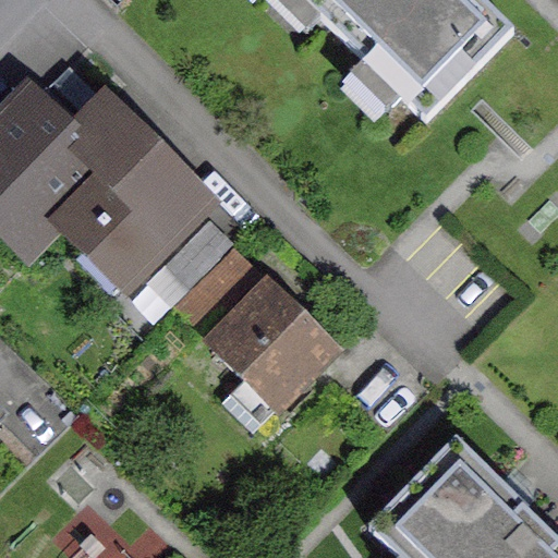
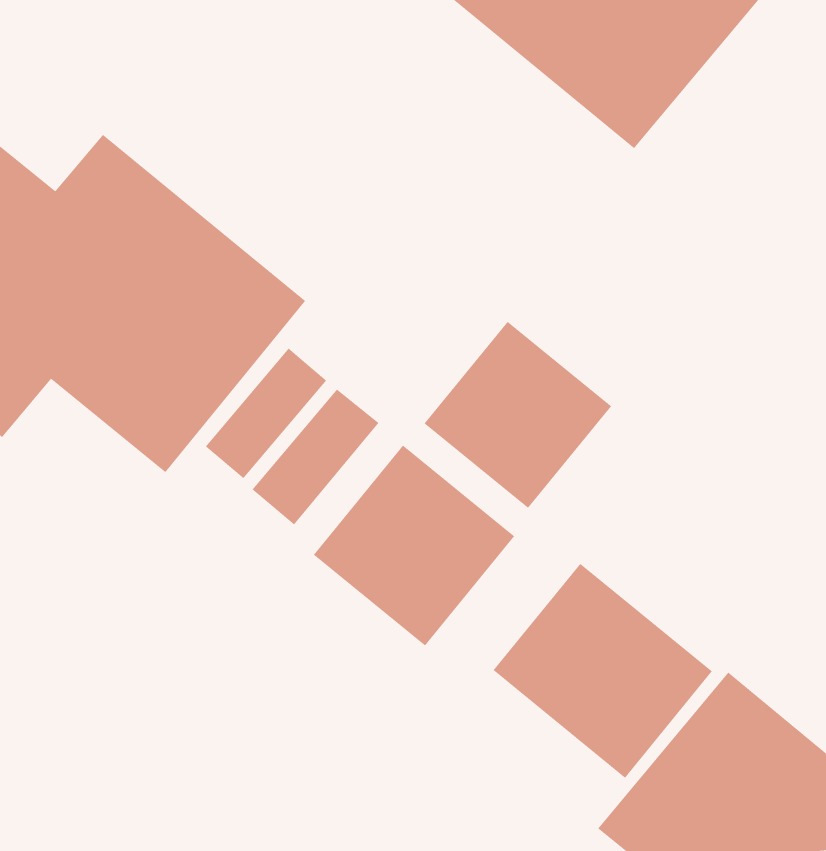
building: none -> [424,321,612,509]
building: none -> [492,563,713,779]

